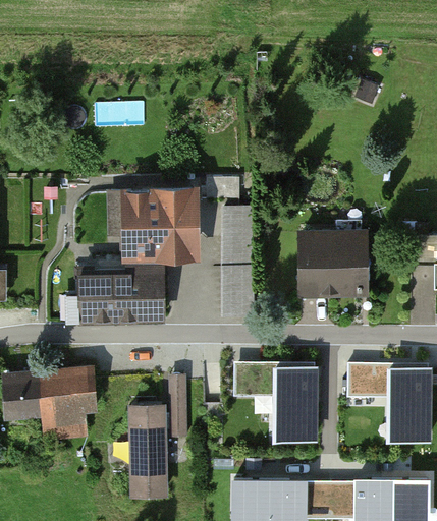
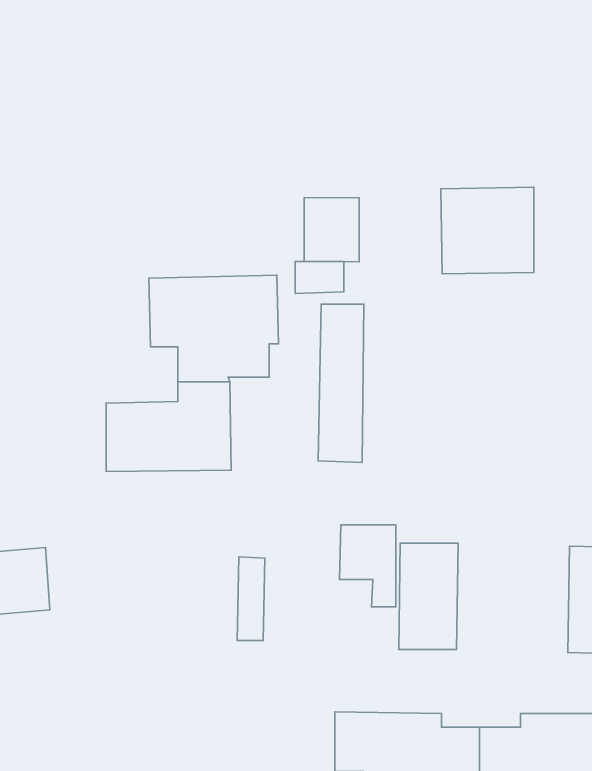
building: none -> [304,197,359,262]
building: [302,234,364,292] -> [441,187,534,274]
building: [41,366,97,440] -> none
building: [348,369,377,399] -> none
building: [129,405,164,493] -> none

